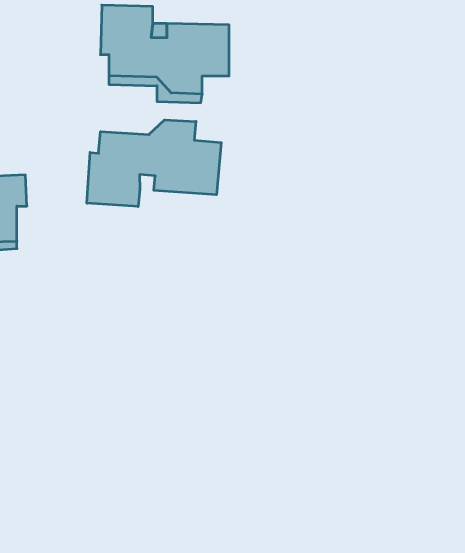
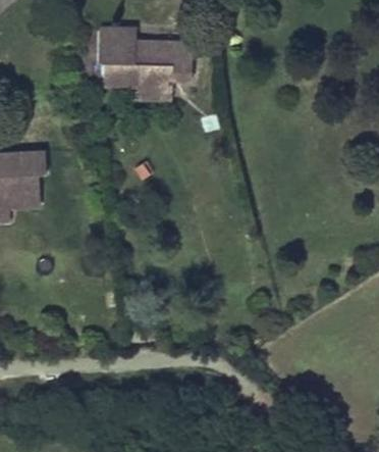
building: [87,120,221,207] -> none

